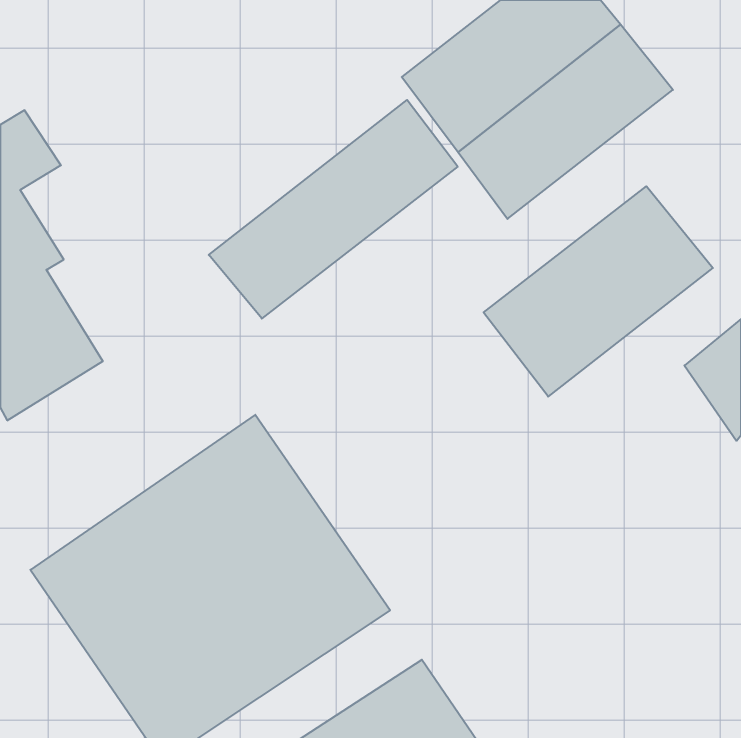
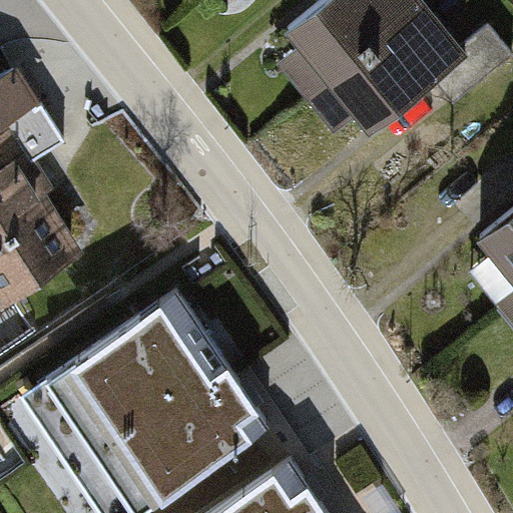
building: [209,100,458,319] -> none
building: [484,186,713,397] -> none

